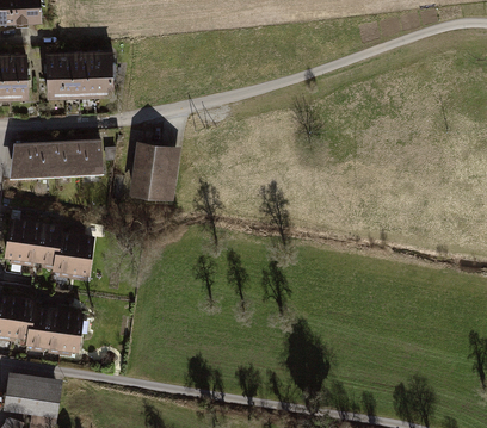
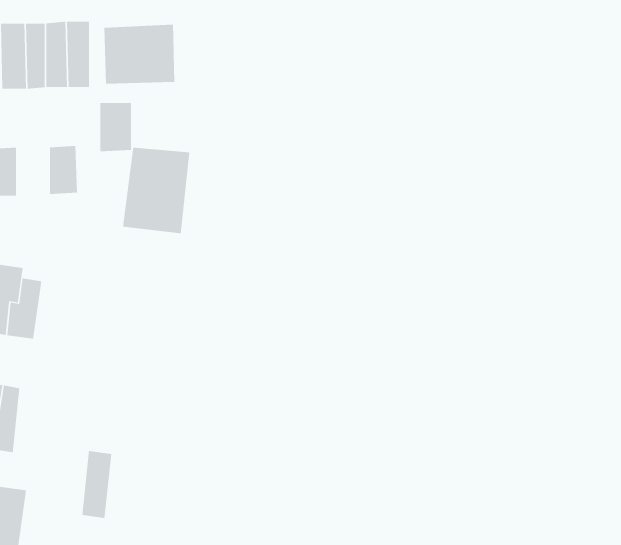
building: none -> [104,24,175,84]
building: [57,141,80,175] -> [100,103,132,152]
building: [69,235,94,278] -> none
building: [55,310,76,358] -> [81,451,112,519]

